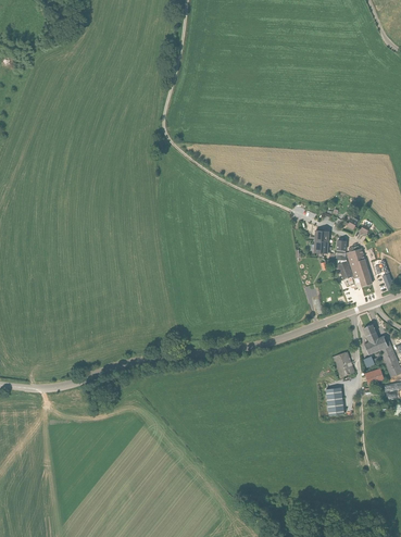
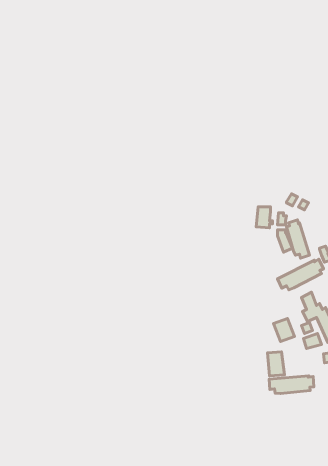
building: none -> [277,259,323,290]
building: none -> [269,376,314,394]

